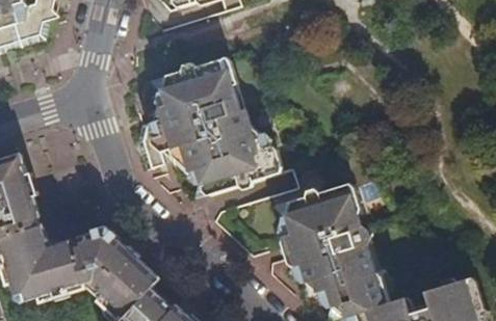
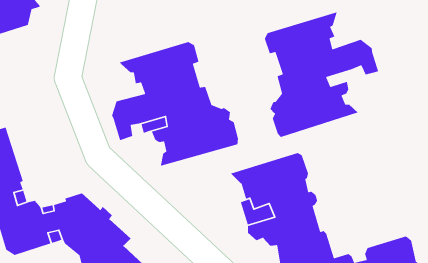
building: none -> [264,11,379,138]

